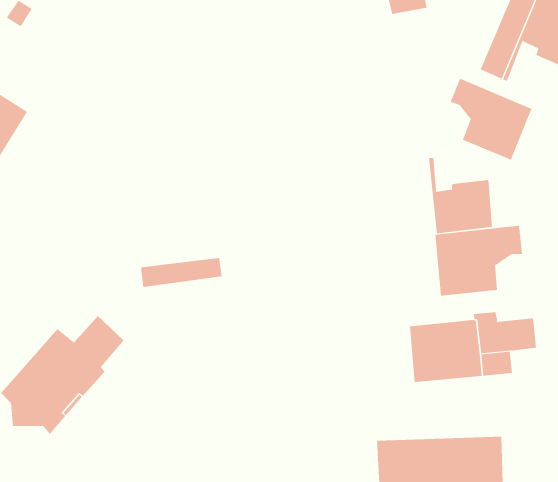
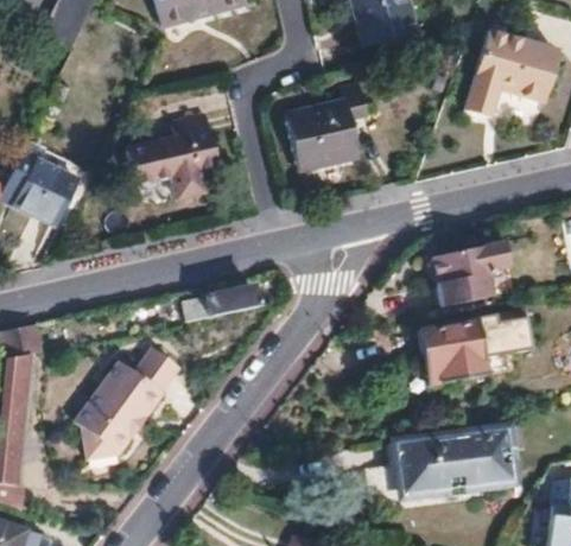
building: none -> [279,91,360,176]
building: none -> [122,114,212,196]
building: [450,78,532,161] -> none
building: [428,157,493,234] -> none

